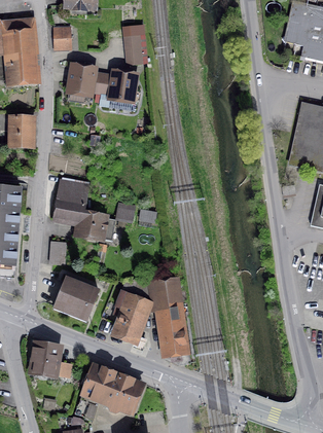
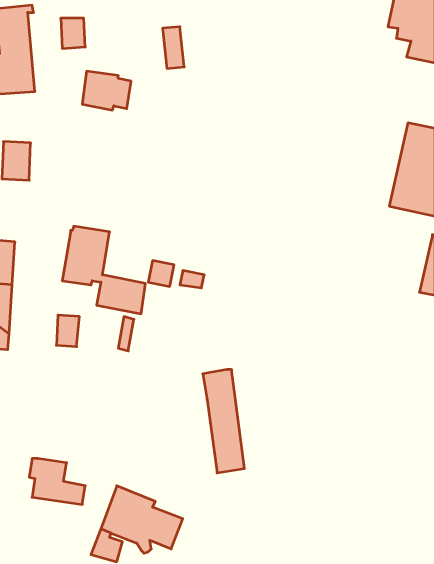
building: [101,72,136,100] -> none
building: [55,277,99,317] -> none
building: [115,279,158,345] -> none

